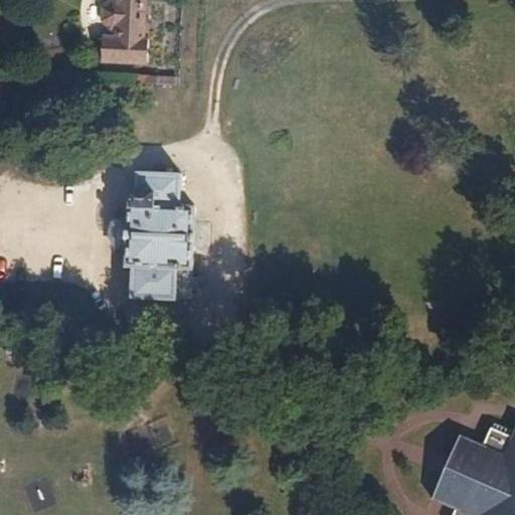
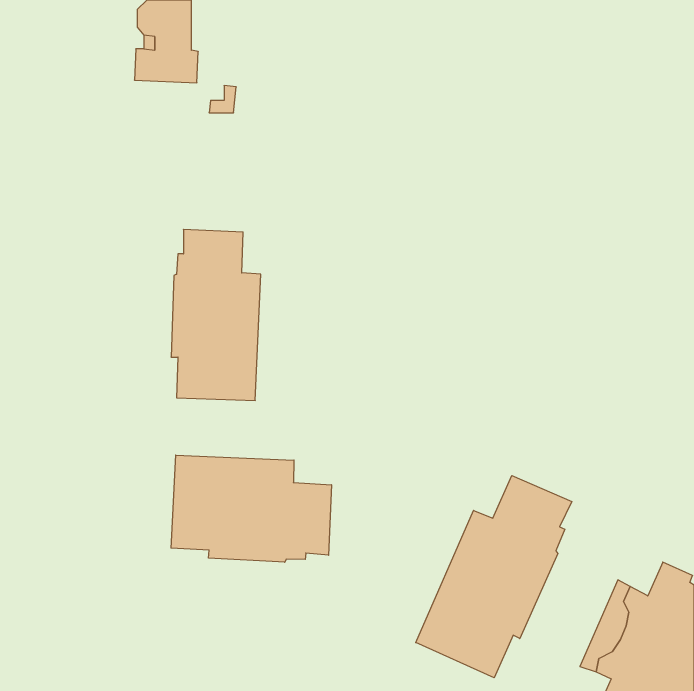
building: none -> [171,455,331,562]
building: none -> [416,476,572,678]

